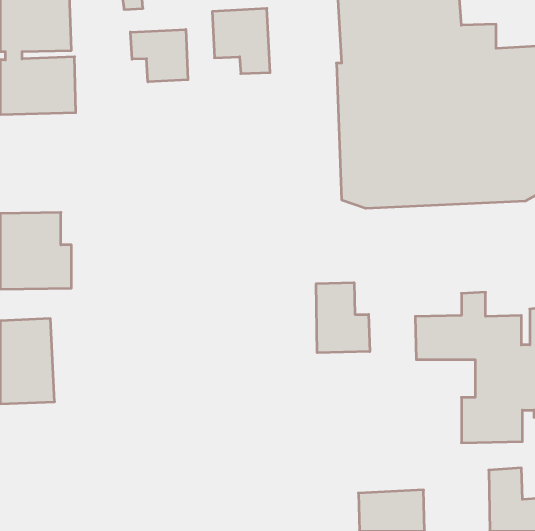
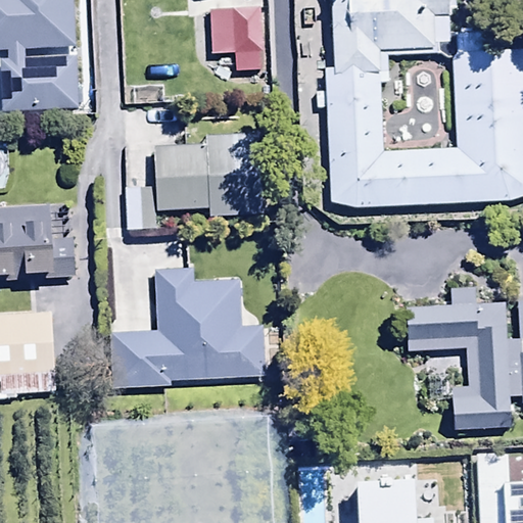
building: [130,29,188,82] -> none
building: none -> [126,135,271,228]
building: none -> [111,268,266,385]
building: [316,283,370,353] -> none

